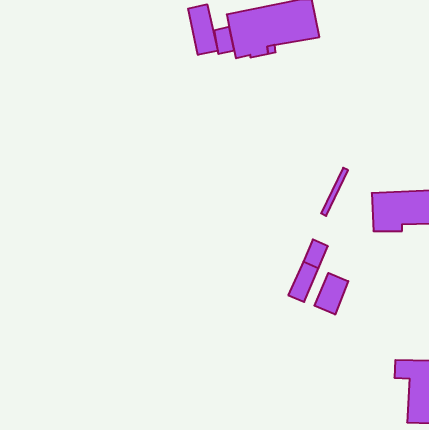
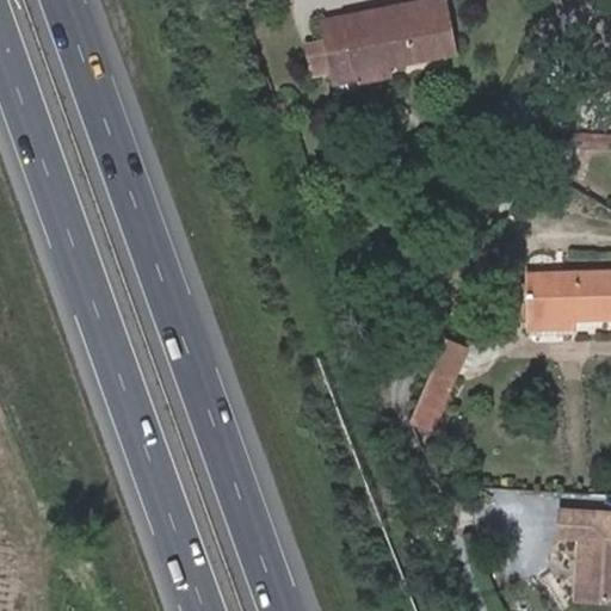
building: [188,4,218,55] -> none
building: [314,273,348,315] -> none

